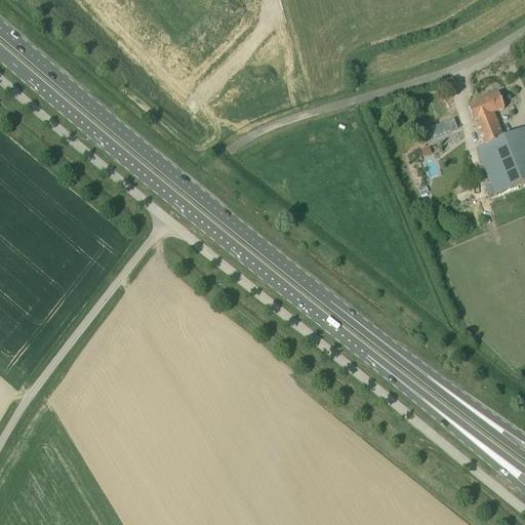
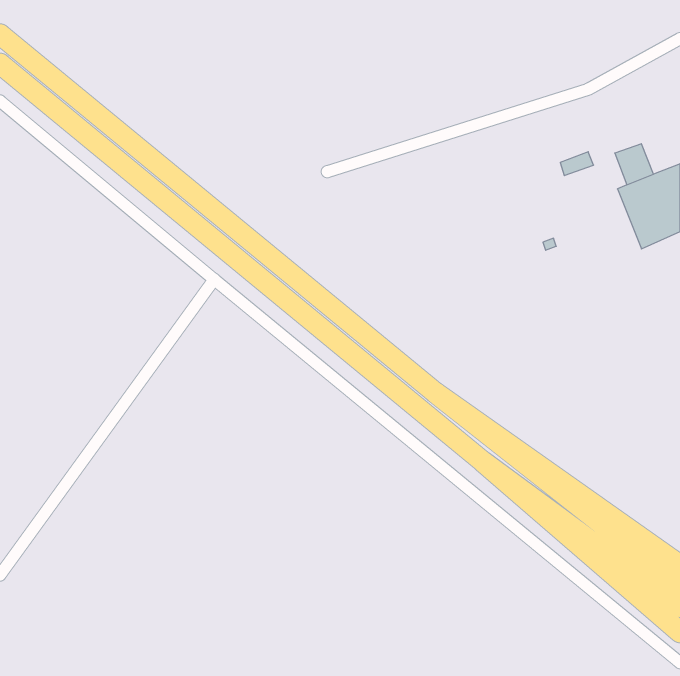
building: [469,92,503,118] -> none

